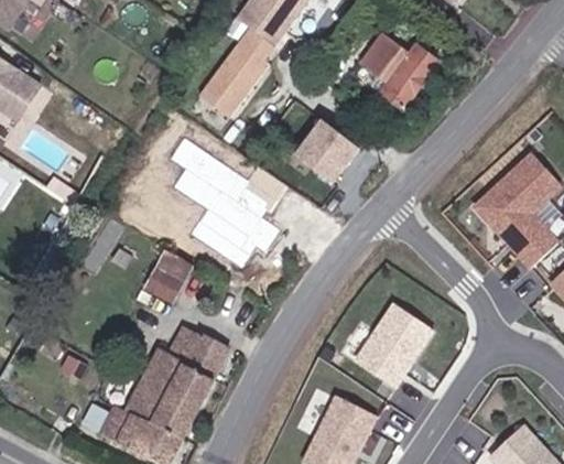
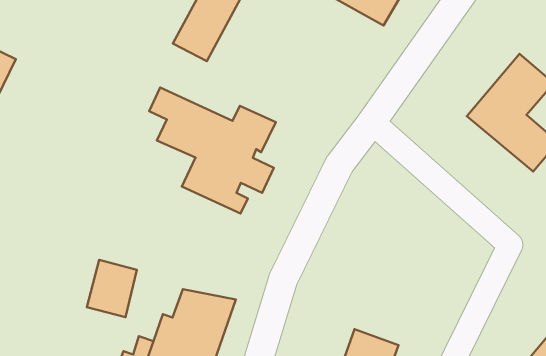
building: [297,122,360,185] -> none
building: [144,246,196,303] -> [87,260,137,317]
building: [356,299,435,384] -> none

